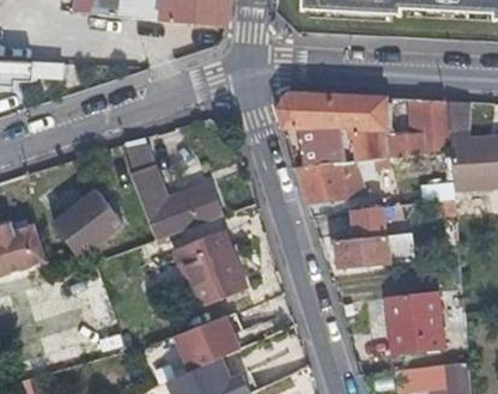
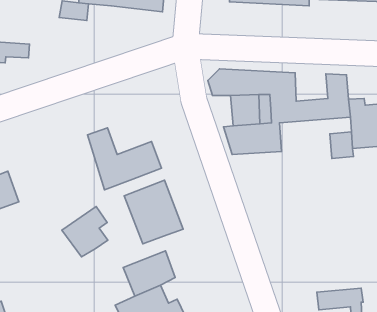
building: [55,190,111,251] -> [62,207,108,257]
building: [336,206,407,262] -> none
building: [385,290,427,353] -> none

